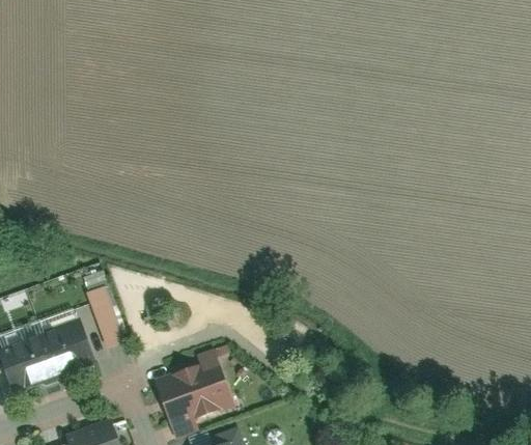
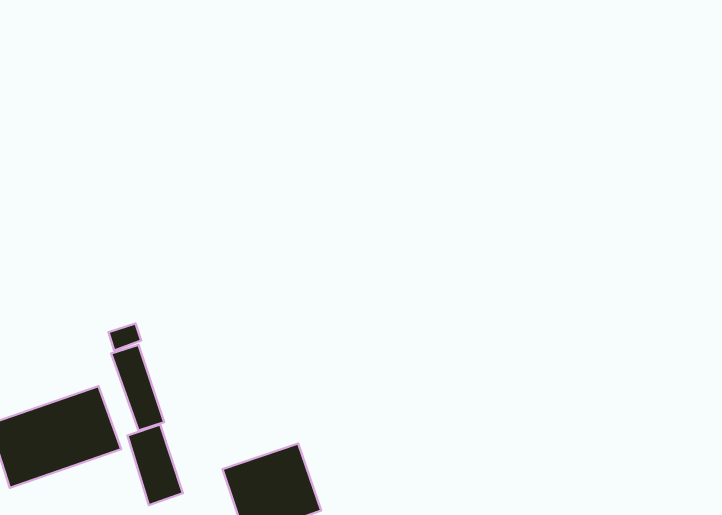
building: none -> [127,425,183,505]

